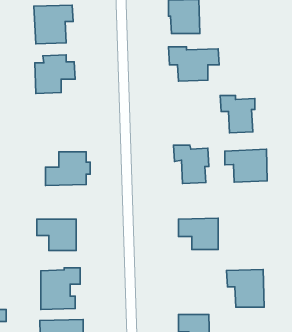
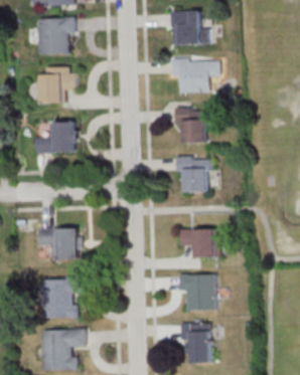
building: [220,95,255,133] -> [174,108,208,145]
building: [225,149,267,182] -> none
building: [46,152,90,185] -> [35,122,80,155]
building: [227,270,264,307] -> [178,274,215,312]

